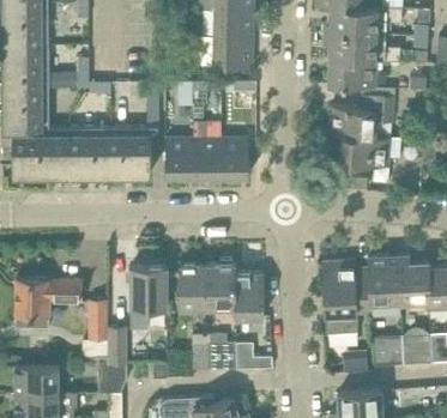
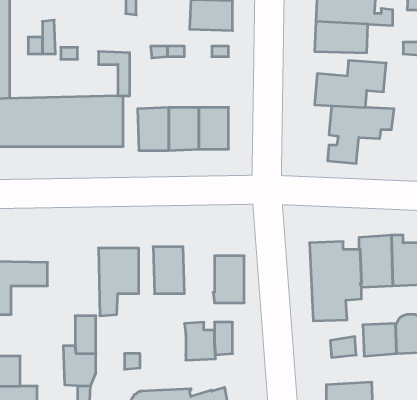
building: [207,265,236,309] -> none
building: [83,301,108,357] -> none

